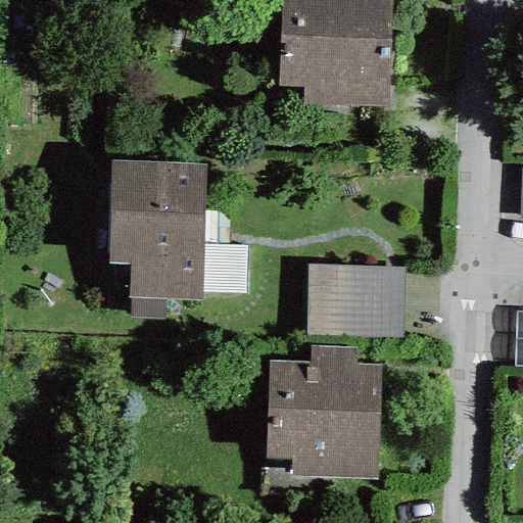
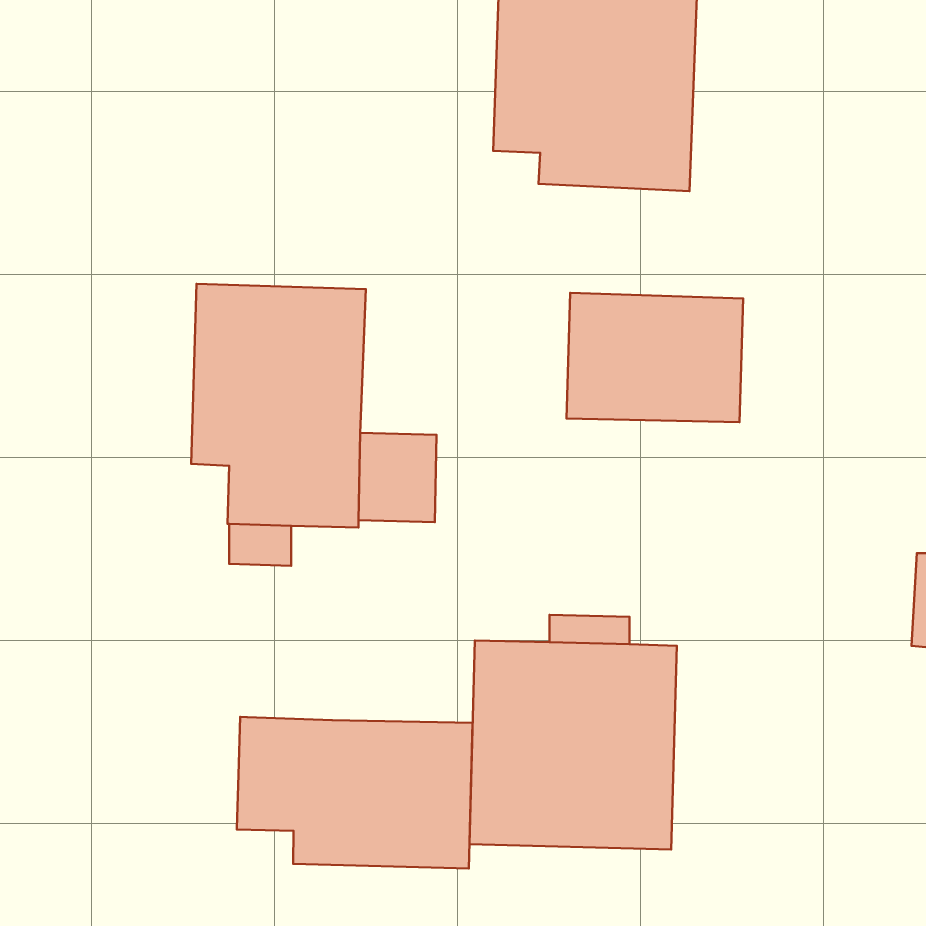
building: [305,263,405,335] -> [567,293,743,422]
building: none -> [237,717,472,869]

